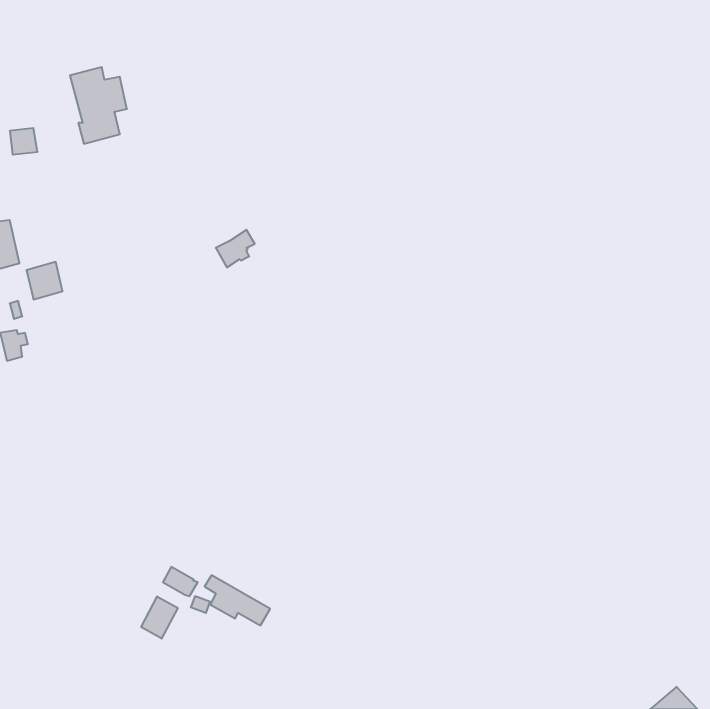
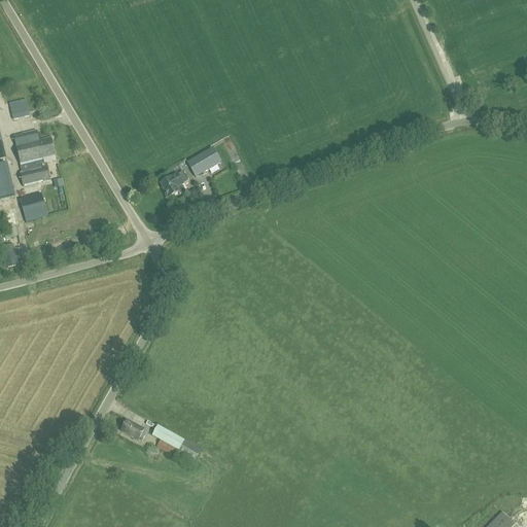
building: [70,67,127,144] -> [12,130,55,186]
building: none -> [188,147,221,175]
building: [141,596,178,639] -> none

